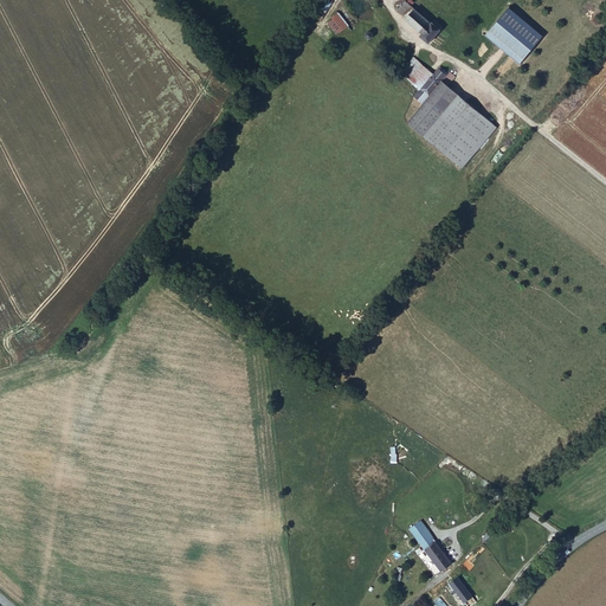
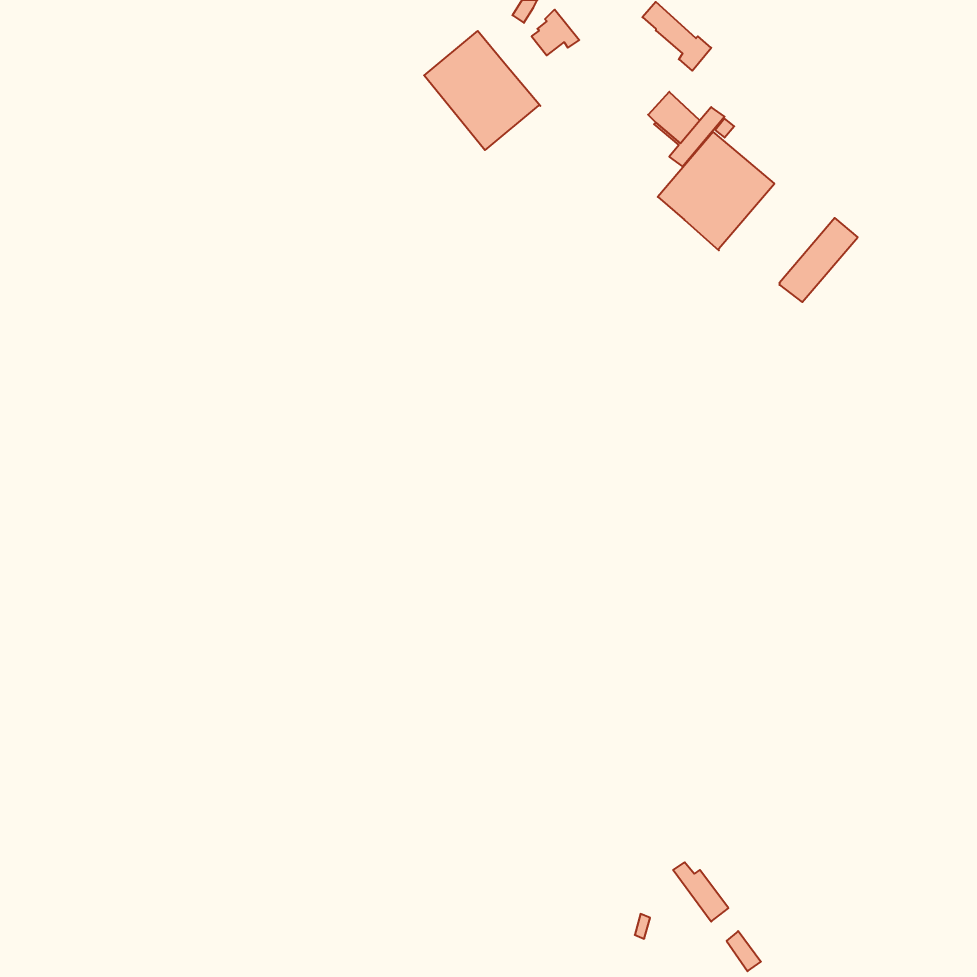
building: [485,8,543,64] -> none
building: none -> [424,31,540,150]
building: [445,114,494,166] -> [779,218,858,302]

